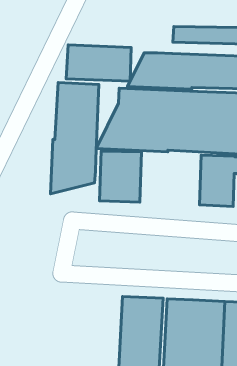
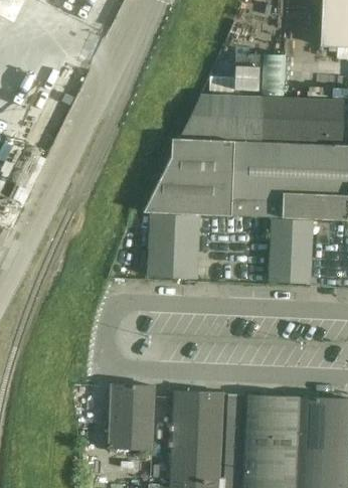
building: [66,45,131,81] -> none
building: [51,82,99,194] -> none
building: none -> [109,385,154,453]

